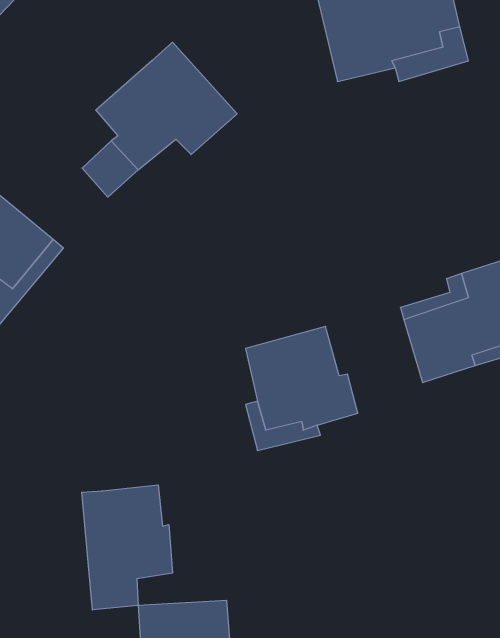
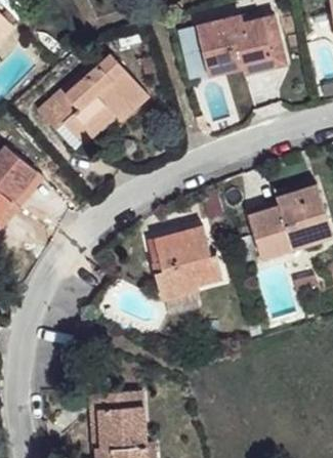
building: none -> [38,61,97,130]
building: [82,485,173,610] -> none

